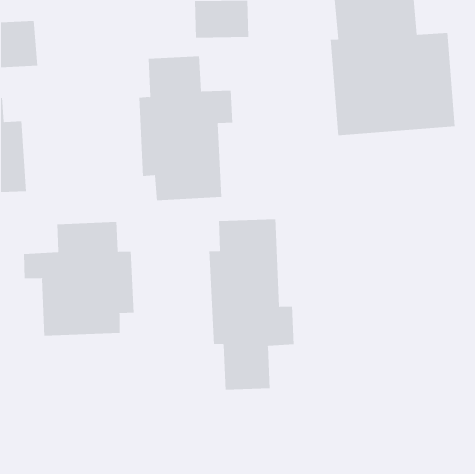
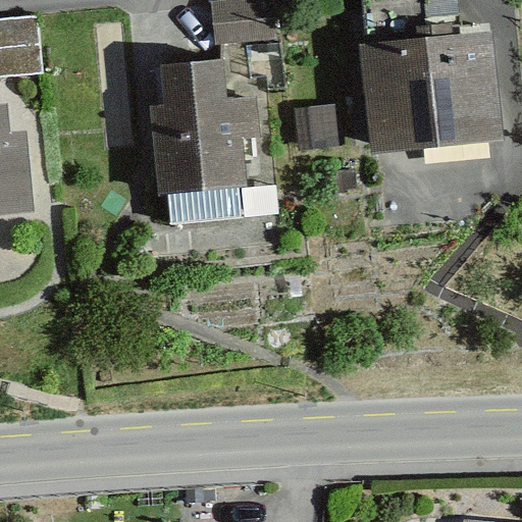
building: [209,219,294,391] -> none
building: [23,221,134,337] -> none

